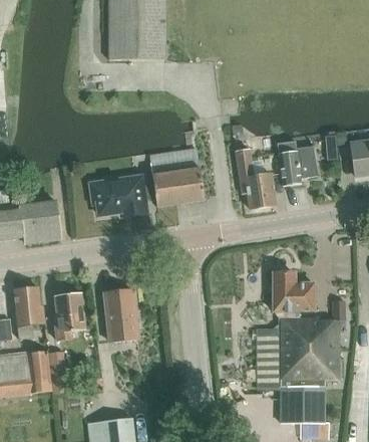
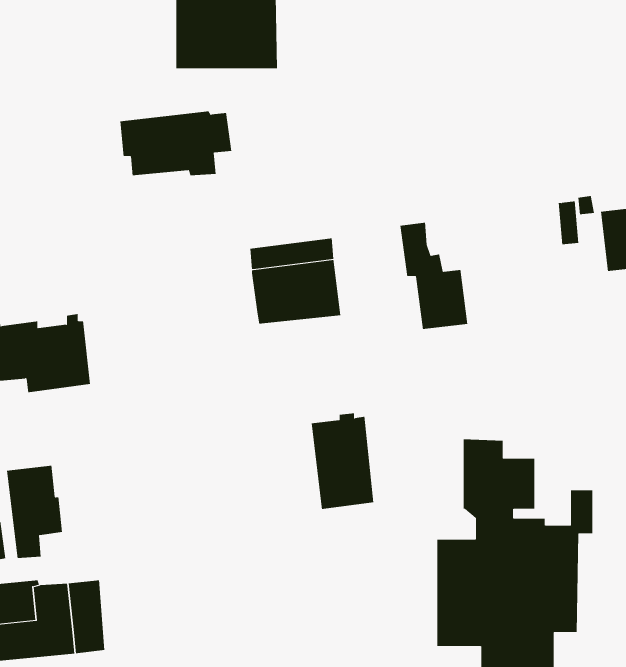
building: [279,148,318,184] -> none
building: [90,175,154,212] -> [119,111,232,176]
building: [102,287,138,343] -> [311,413,374,510]
building: [52,291,84,342] -> none

